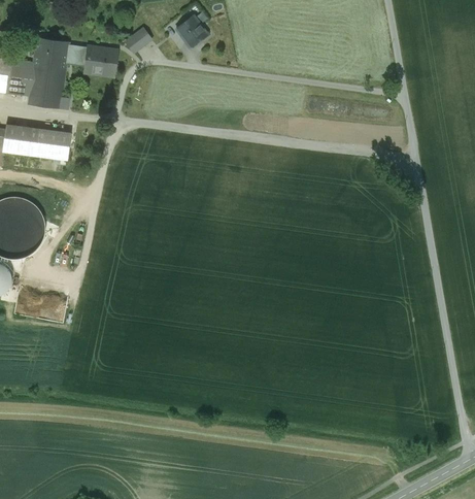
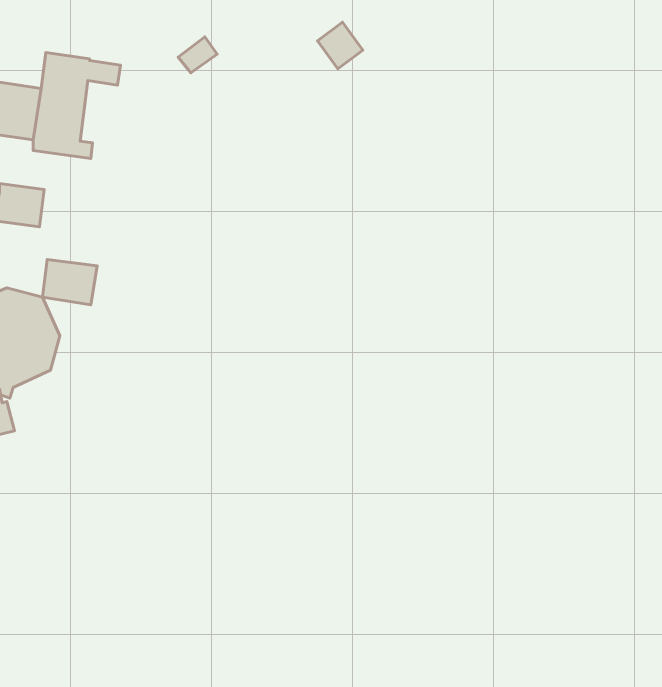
building: [175,15,205,46] -> [318,22,363,69]
building: [83,45,117,76] -> none
building: [33,129,69,159] -> [43,260,97,305]

